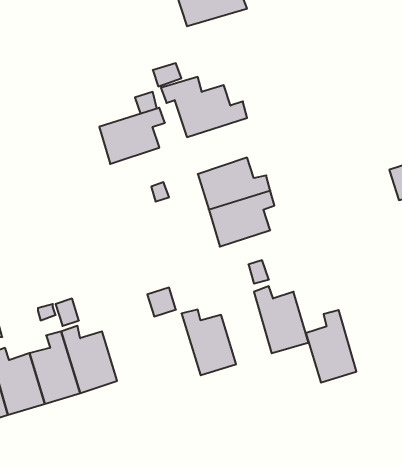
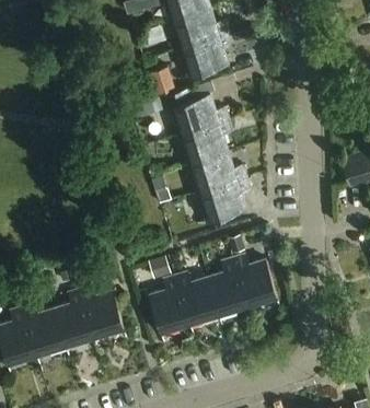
building: none -> [180,33,231,78]
building: [99,108,165,164] -> [180,120,232,165]
building: [306,310,356,383] -> [207,259,247,317]
building: none -> [149,277,190,335]

